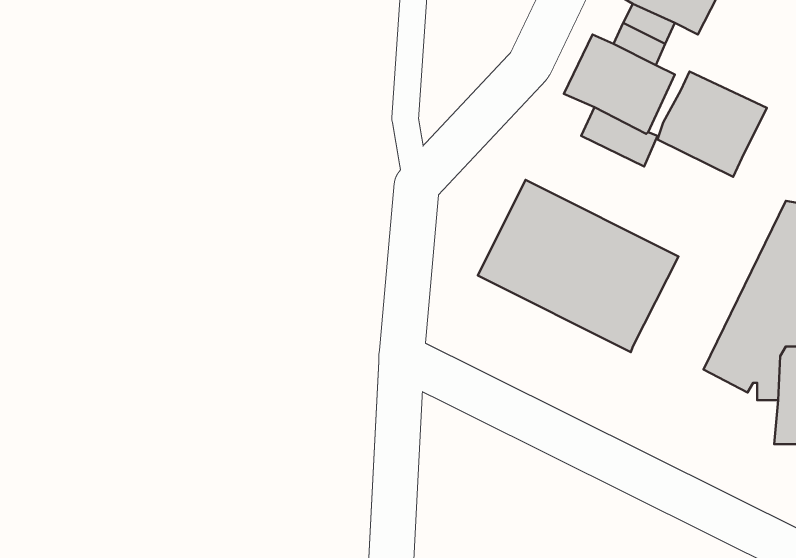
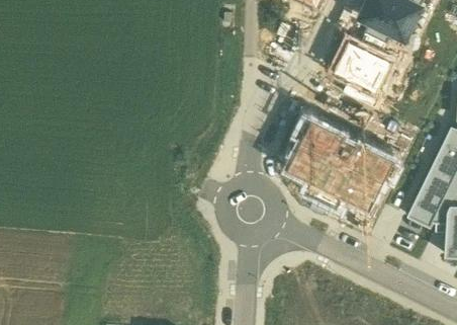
building: [657,71,767,177] -> none

